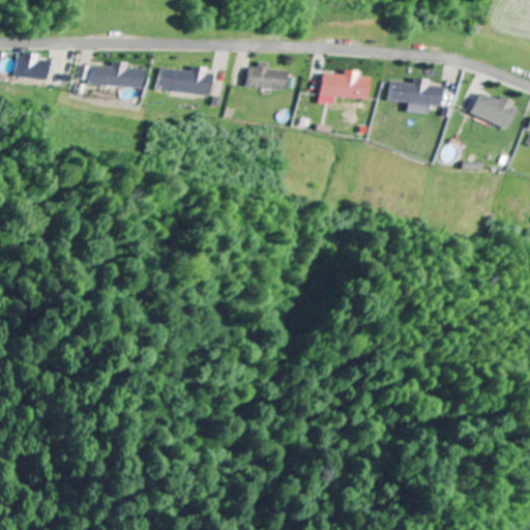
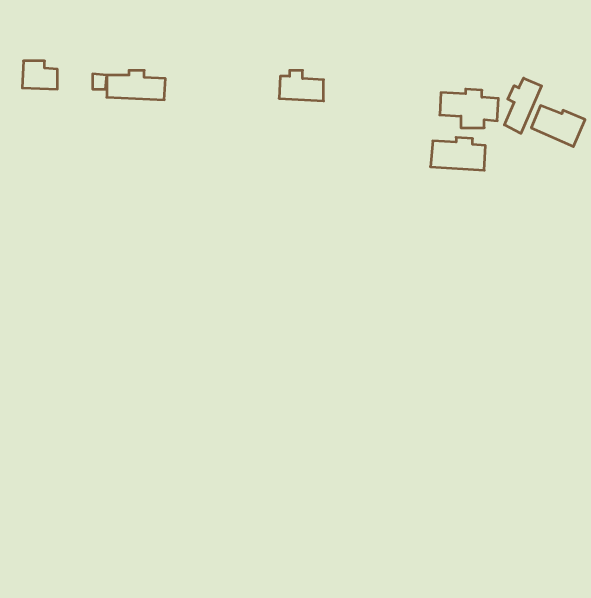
building: [160,68,212,94] -> none
building: none -> [504,78,542,133]
building: [319,70,367,99] -> [430,137,485,170]

